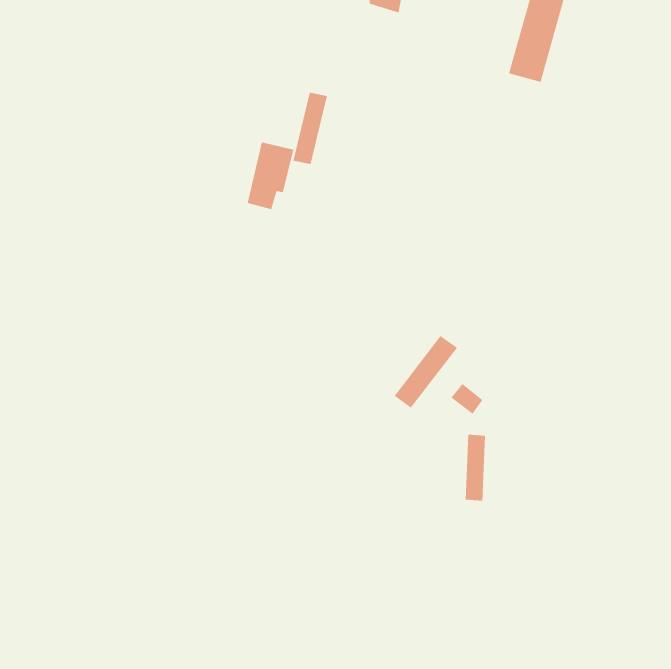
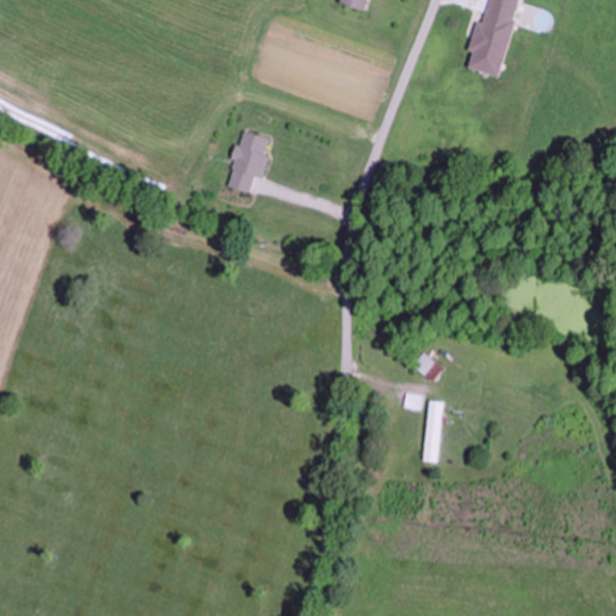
building: [293,92,328,165] -> none
building: [394,335,458,409] -> none

